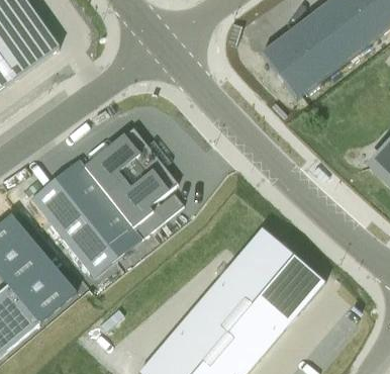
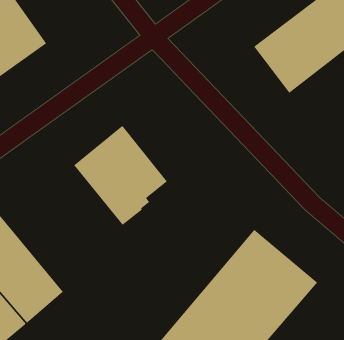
building: [31,159,184,275] -> none

